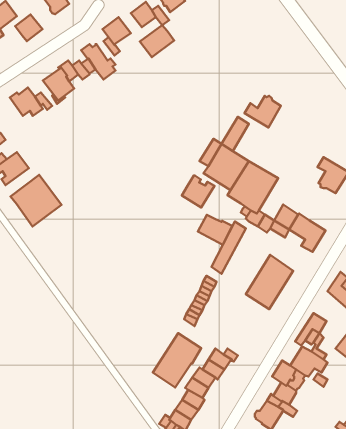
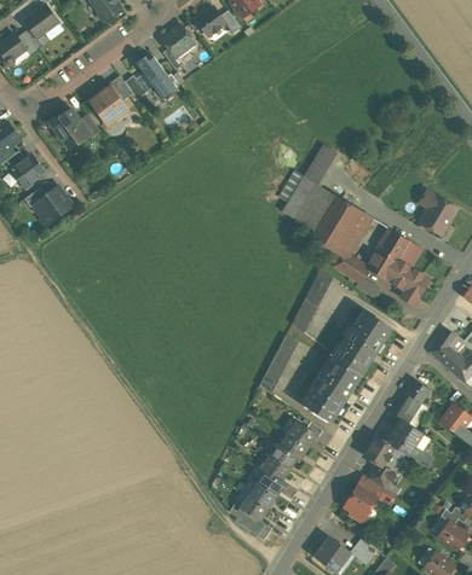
building: [15,14,42,41] -> none
building: [140,25,174,57] -> none
building: [244,96,281,127] -> none
building: [10,175,61,226] -> none
building: [182,176,215,208] -> none
building: none -> [378,230,421,268]
building: [198,215,232,245] -> none
building: [153,333,201,388] -> [303,356,361,422]

